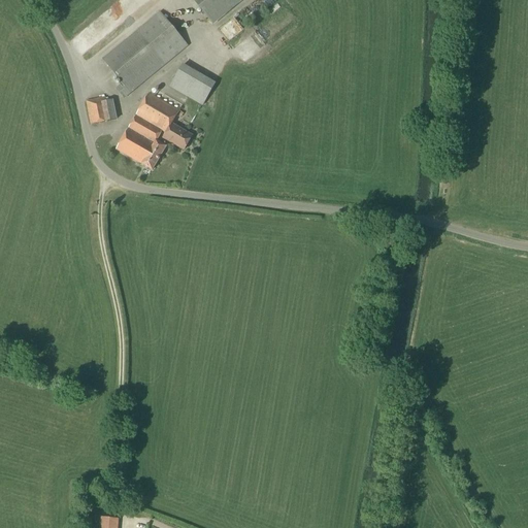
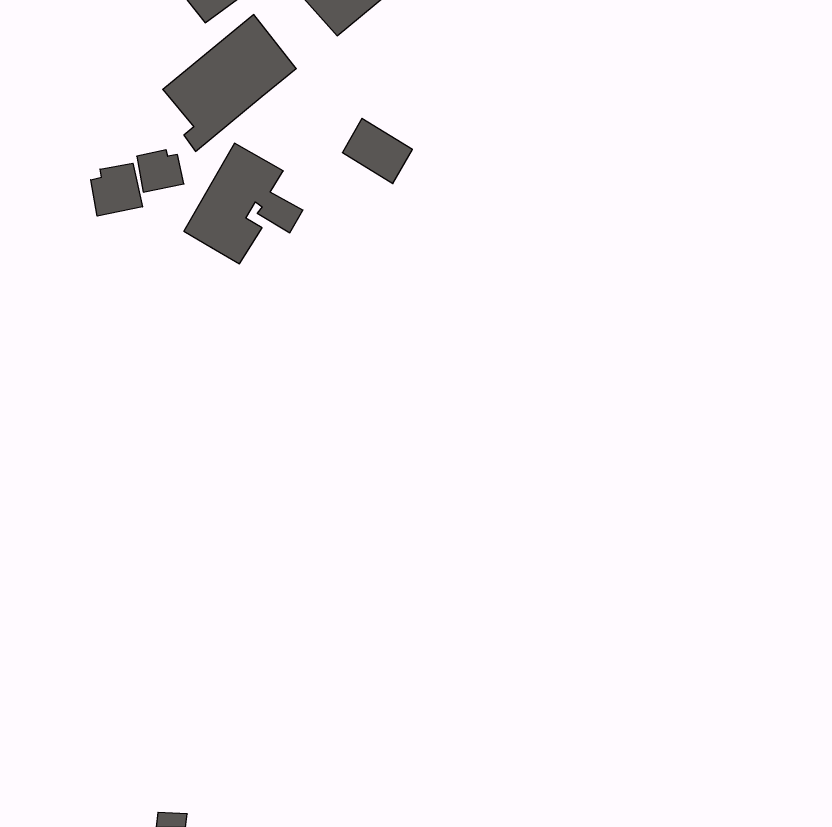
building: [170,62,214,103] -> [342,118,412,184]
building: none -> [91,163,142,216]

